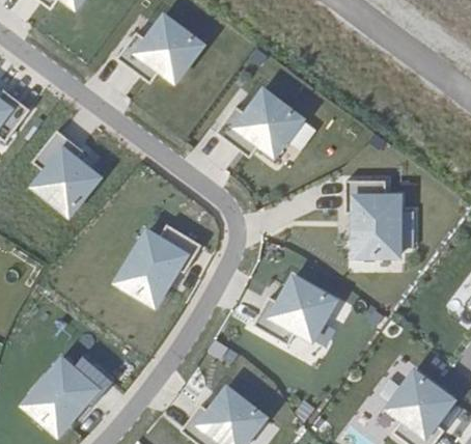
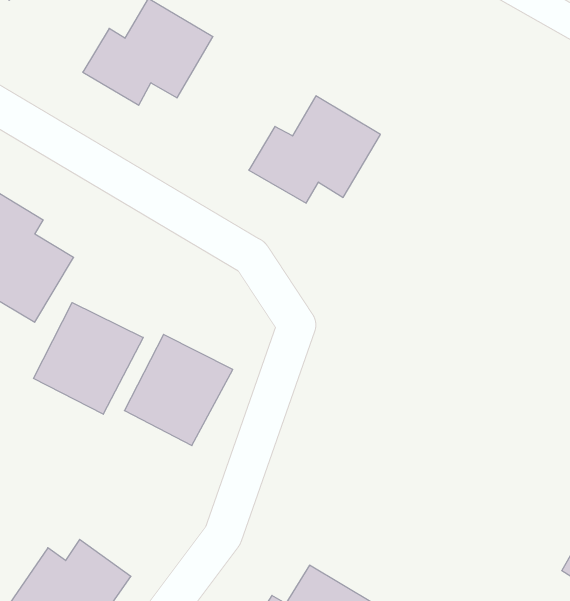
building: [348,186,408,251] -> none
building: none -> [34,303,143,414]
building: [255,274,337,342] -> none

